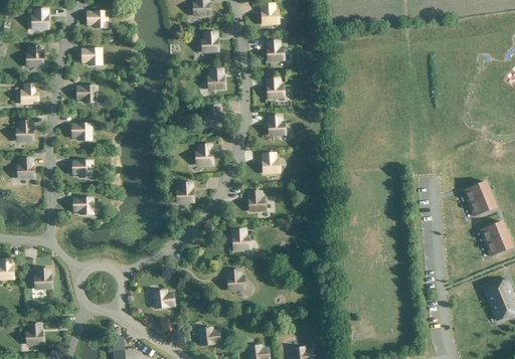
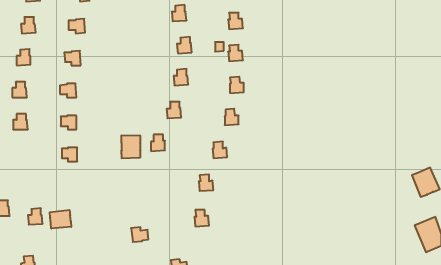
building: [462,181,494,216] -> none
building: none -> [122,135,140,158]
building: none -> [50,210,71,229]

